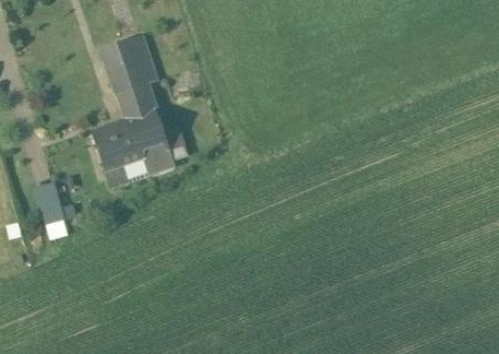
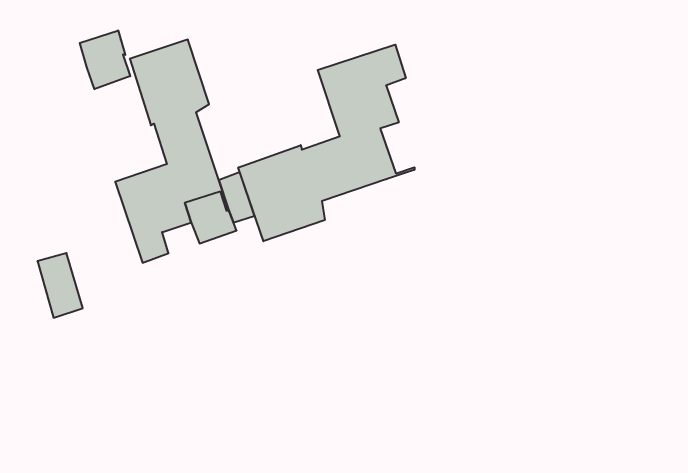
building: none -> [80,30,130,89]
building: none -> [238,45,414,241]

